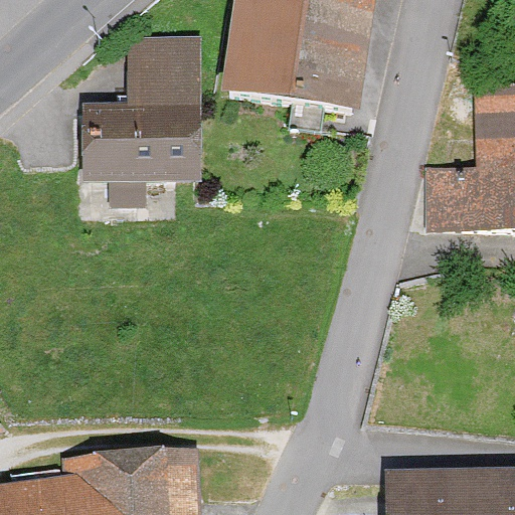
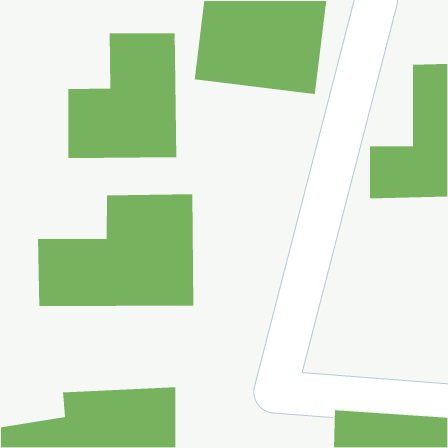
building: none -> [37,194,194,307]

